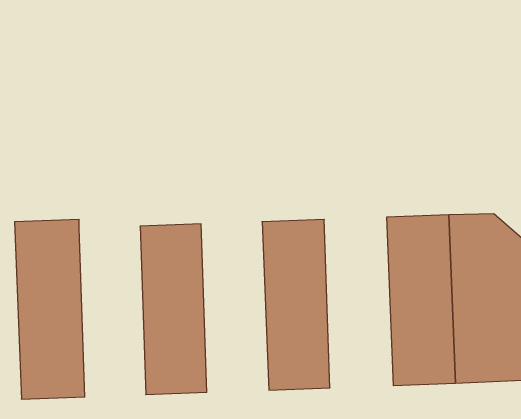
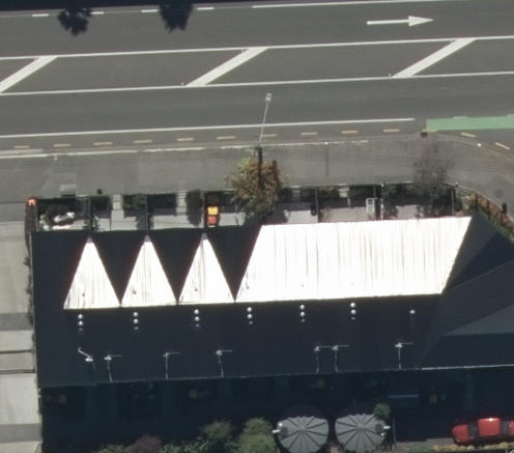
building: none -> [324,223,388,379]
building: none -> [211,227,274,384]
building: none -> [99,231,161,388]

